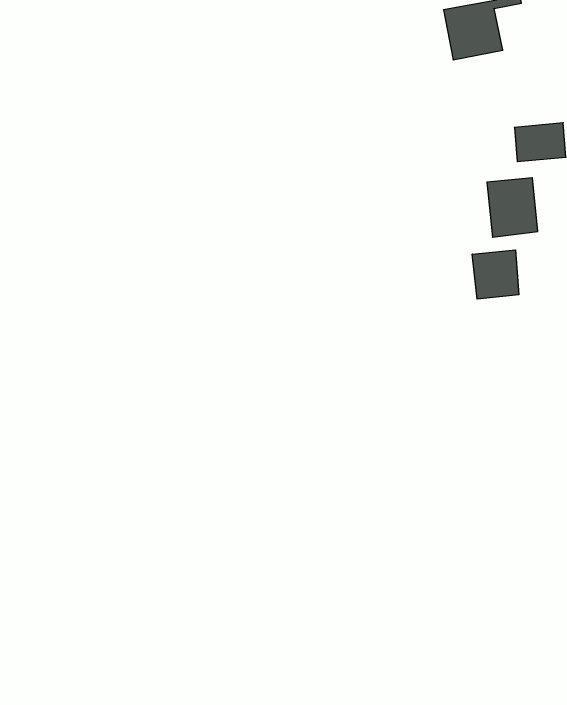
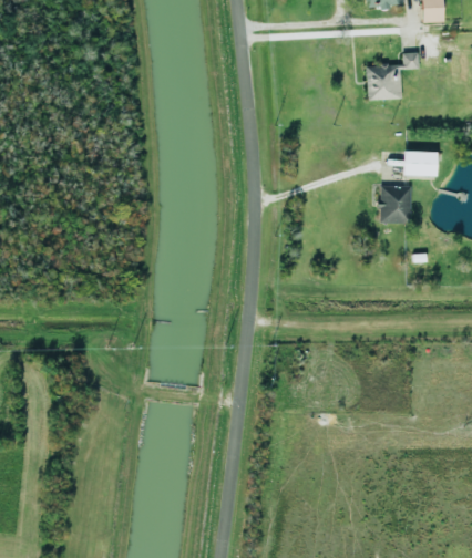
building: [472,250,519,299] -> none

